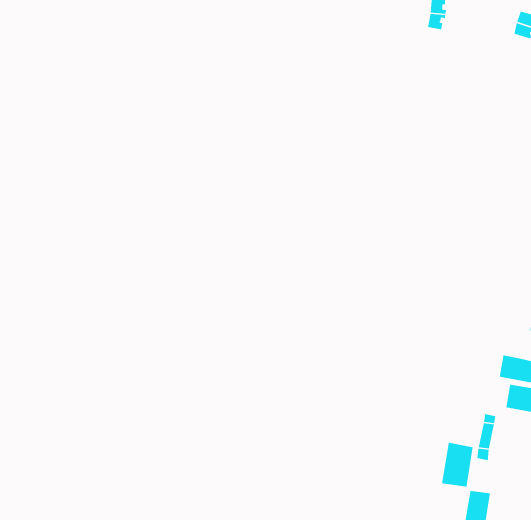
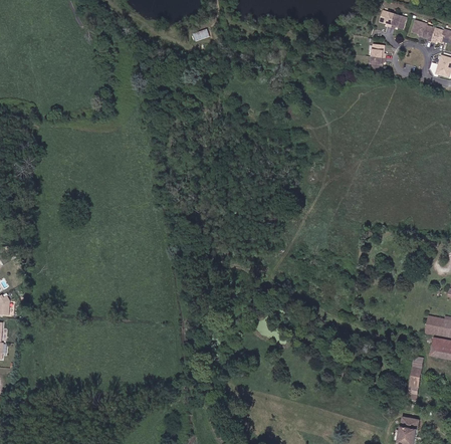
building: [441,442,474,488] -> none

